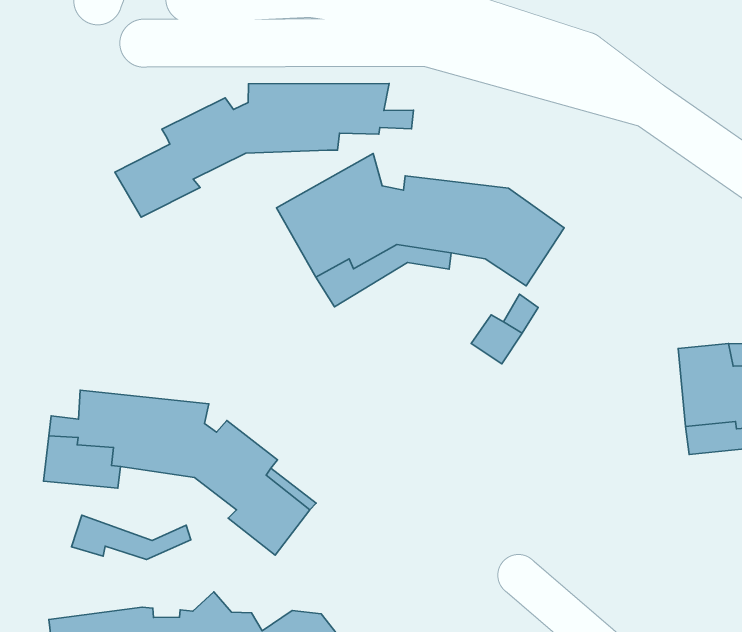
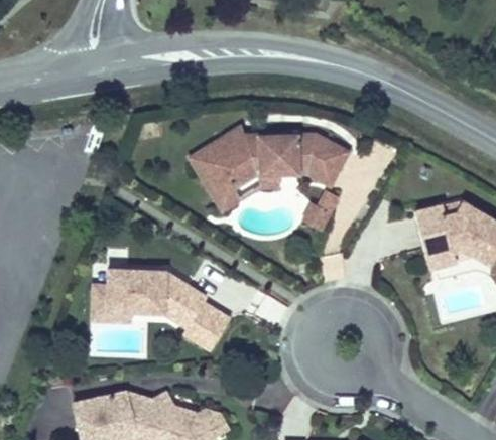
building: [115,83,414,217] -> none
building: [72,515,191,559] -> none

